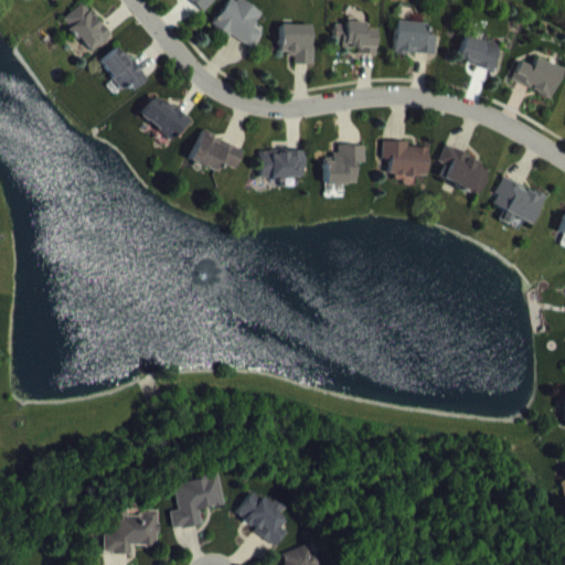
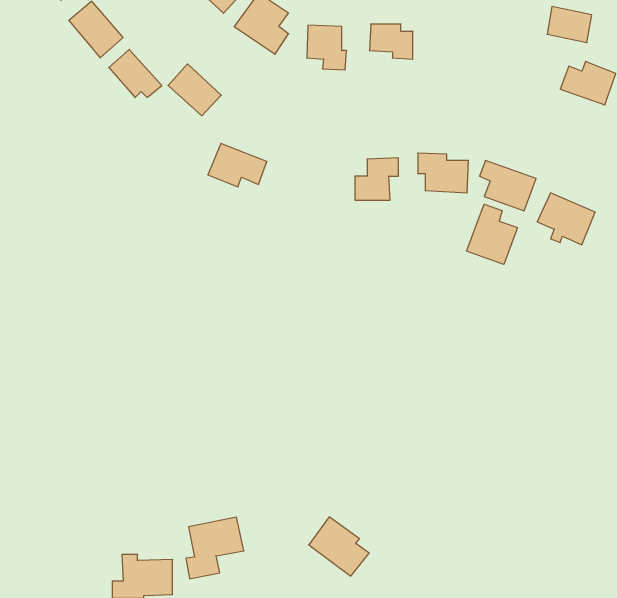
building: [395,20,437,54] -> none
building: [459,35,500,68] -> [547,6,592,43]
building: [141,94,190,141] -> [168,64,221,116]
building: [260,150,306,178] -> none
building: none -> [467,204,517,264]
building: [234,489,289,543] -> [309,517,369,576]

